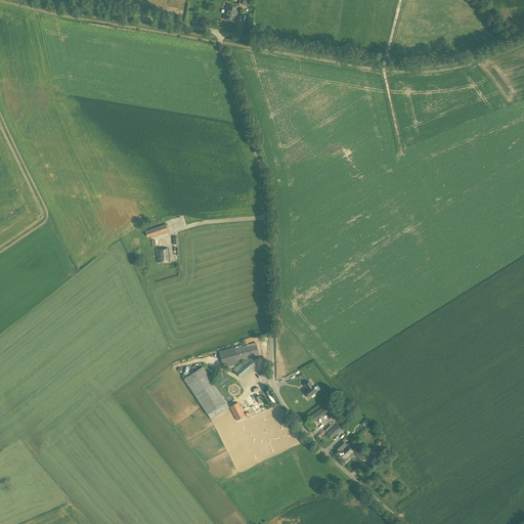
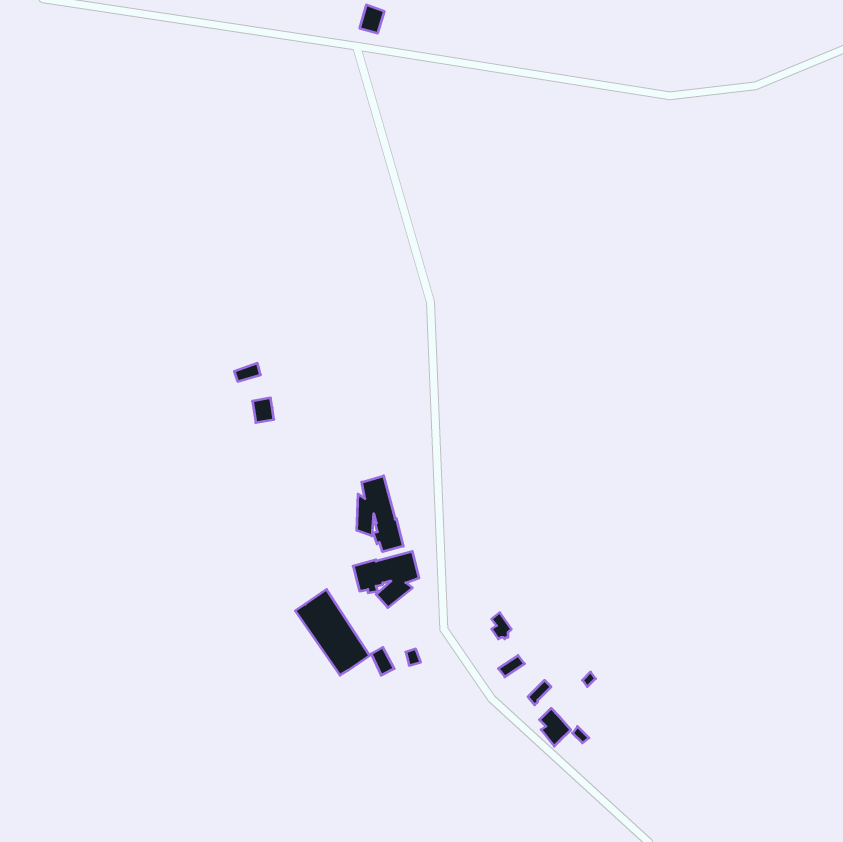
building: none -> [357,476,403,552]

